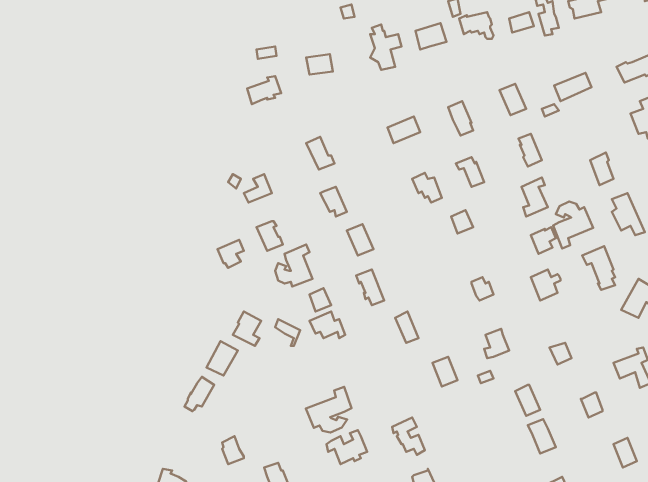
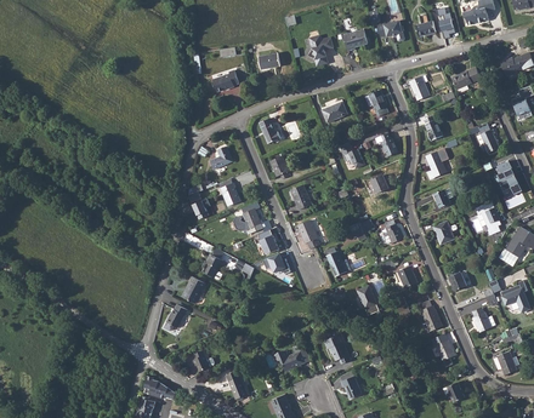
building: [553,202,593,249] -> none
building: [306,387,351,433] -> none

